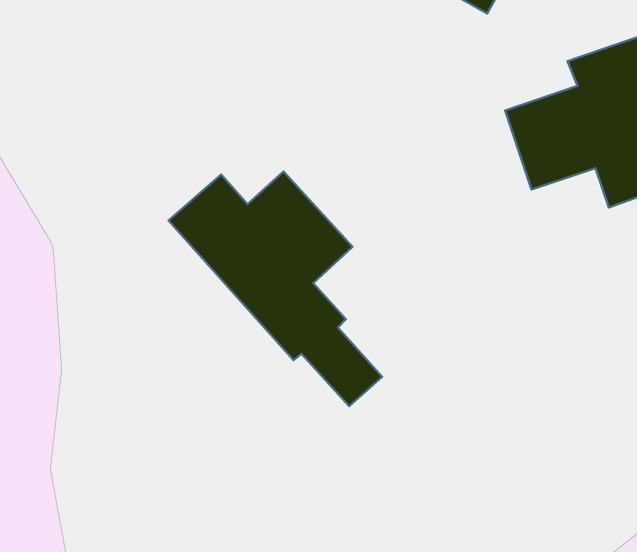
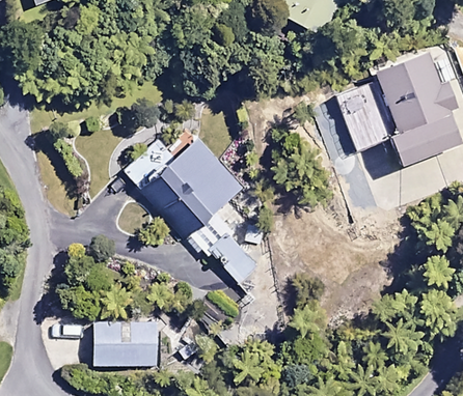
building: none -> [93,321,156,366]

